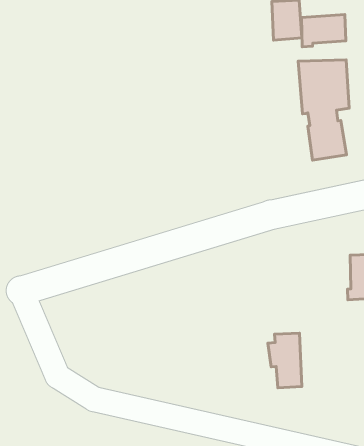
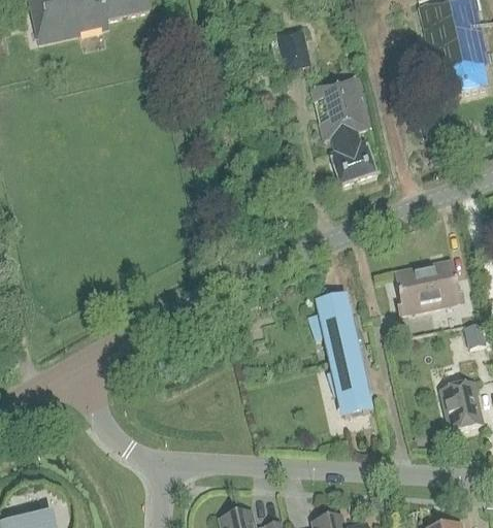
building: [301,14,346,47] -> none
building: none -> [310,296,359,362]

